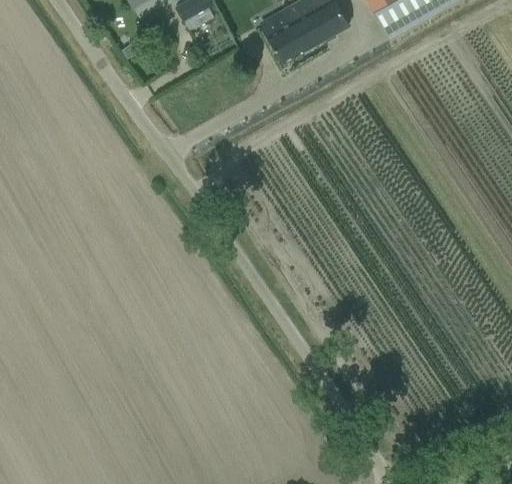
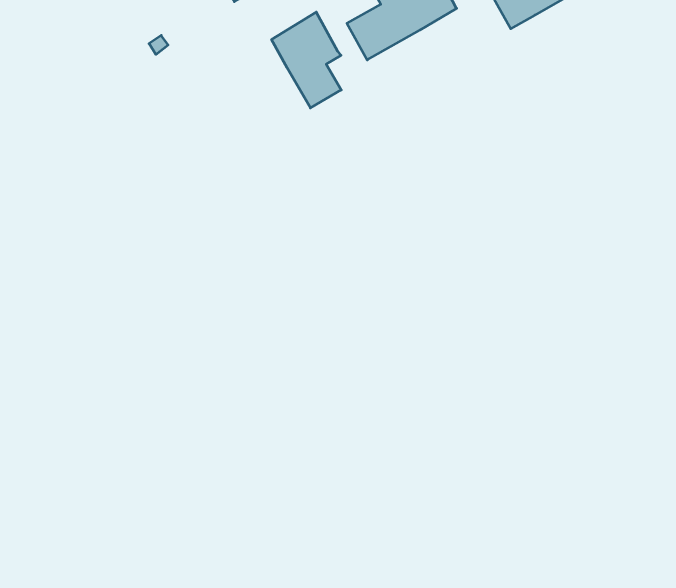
building: none -> [272,12,341,108]

